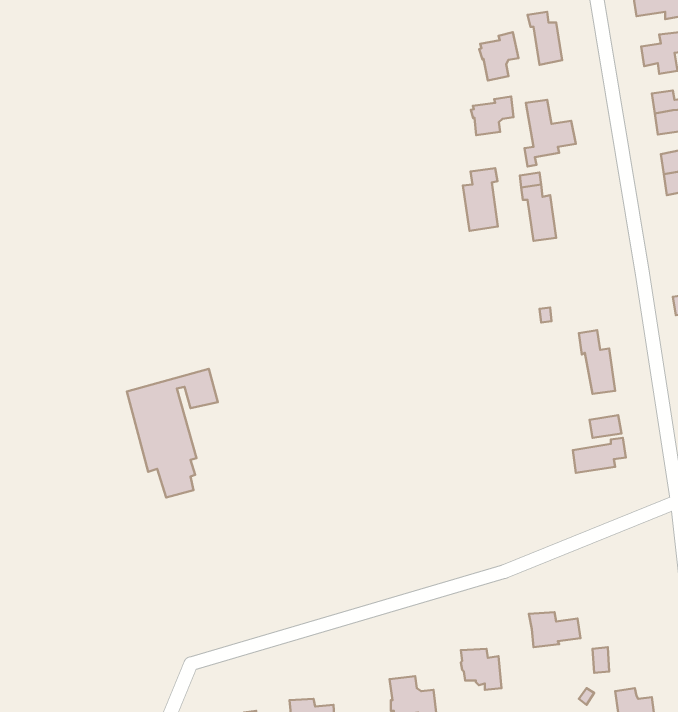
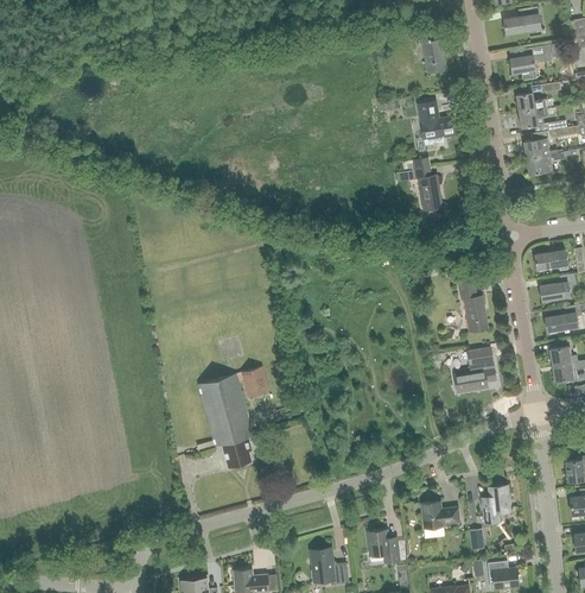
building: [479,32,518,80] -> none
building: [471,96,514,135] -> none
building: [463,168,498,231] -> none
building: [127,369,218,498] -> [198,366,269,467]
building: none -> [481,485,510,523]

